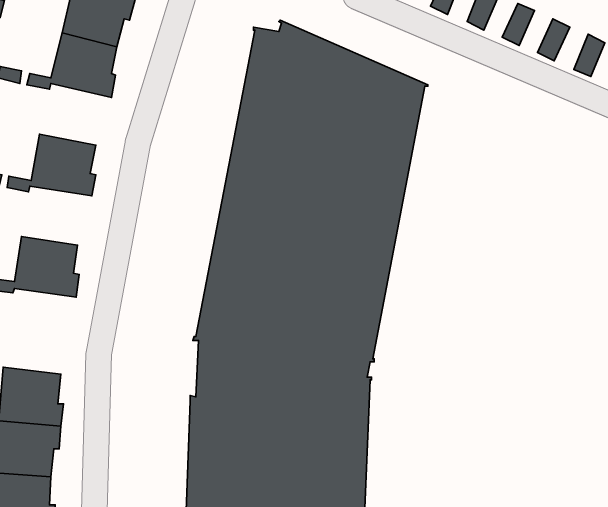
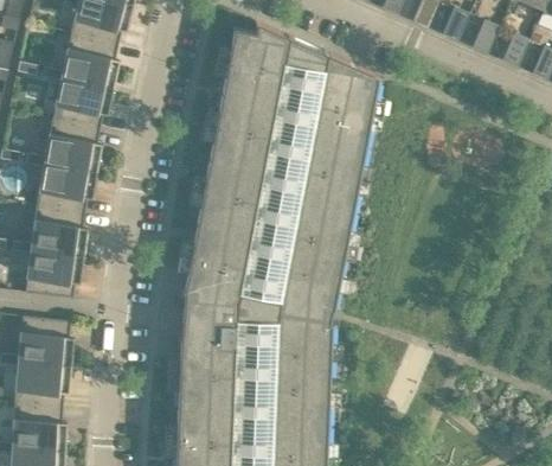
building: none -> [52,76,113,128]
building: none -> [37,162,96,212]
building: none -> [24,249,83,299]

